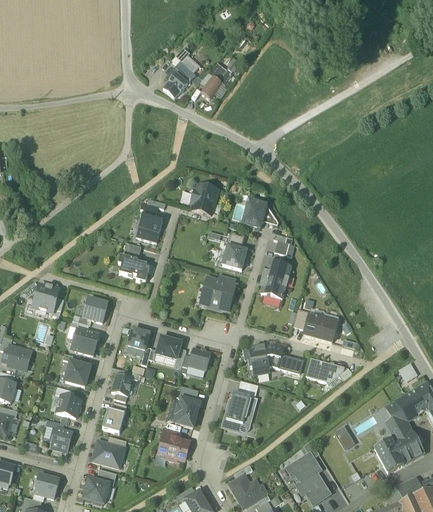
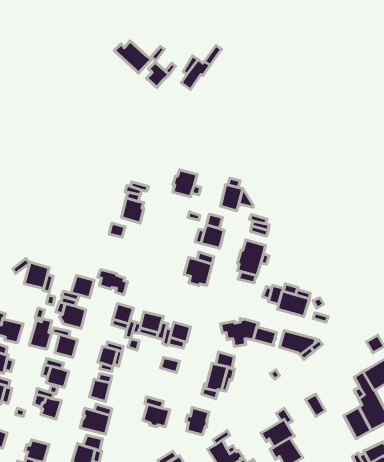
building: none -> [114,41,152,73]
building: [117,255,149,282] -> [98,270,128,295]
building: none -> [29,318,52,349]
building: [174,398,199,427] -> [186,408,209,435]

